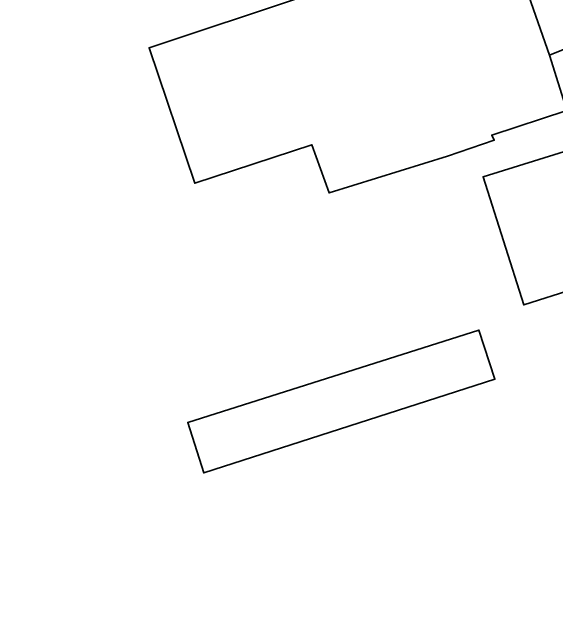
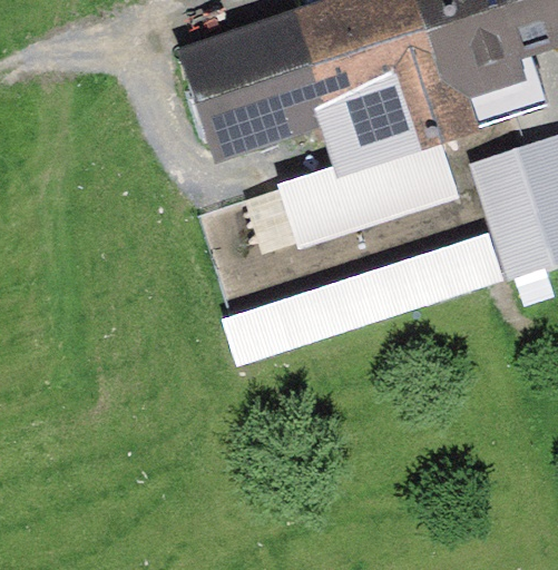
building: none -> [282,142,459,246]
building: [188,330,495,473] -> [225,234,502,363]

